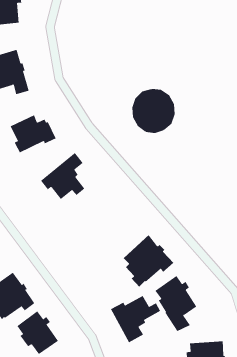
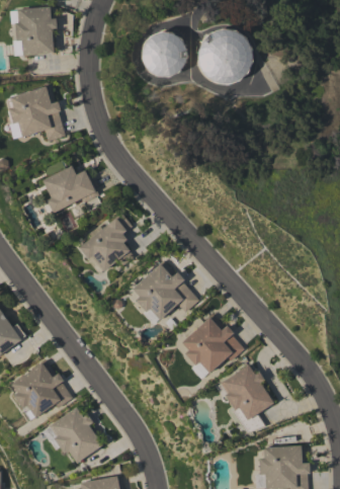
building: none -> [140,31,185,76]
building: [131,89,176,134] -> [196,28,251,84]
building: none -> [131,260,198,320]
building: [110,295,161,343] -> none

